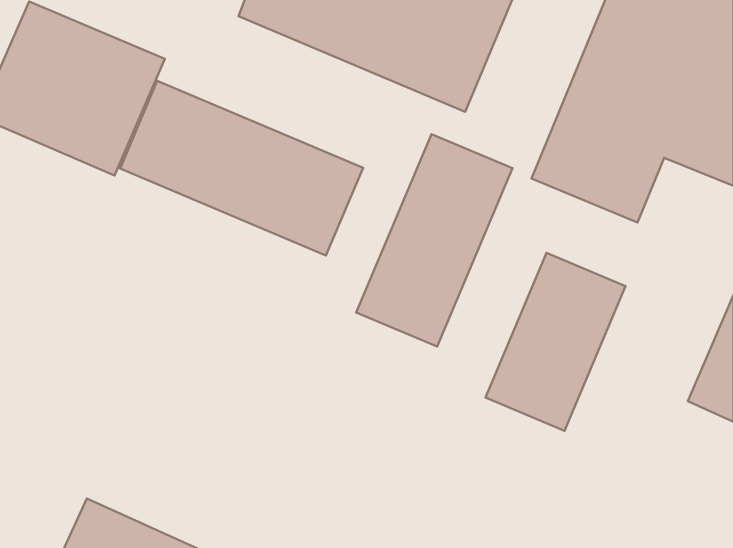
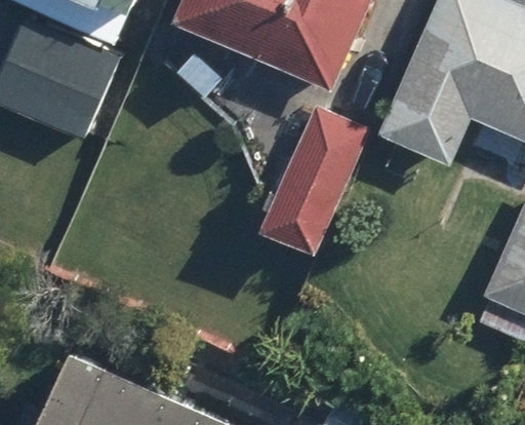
building: [120,81,363,255] -> none
building: [486,253,625,431] -> none

